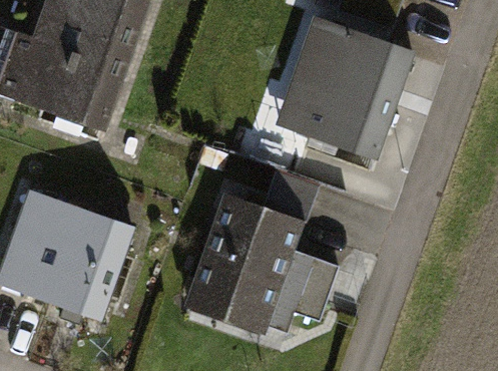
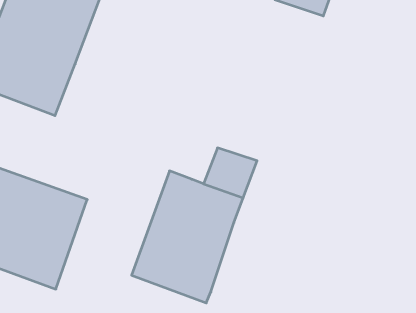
building: [276,18,412,158] -> none
building: [270,249,340,330] -> none

